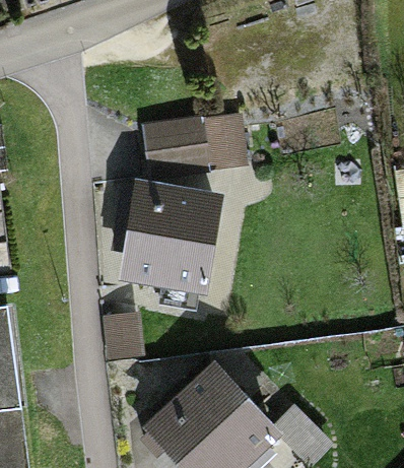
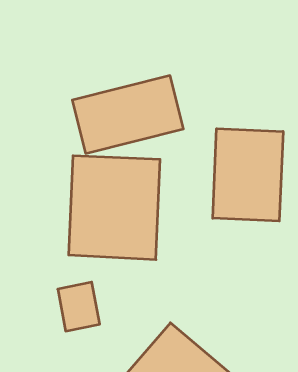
building: none -> [213,129,283,221]

